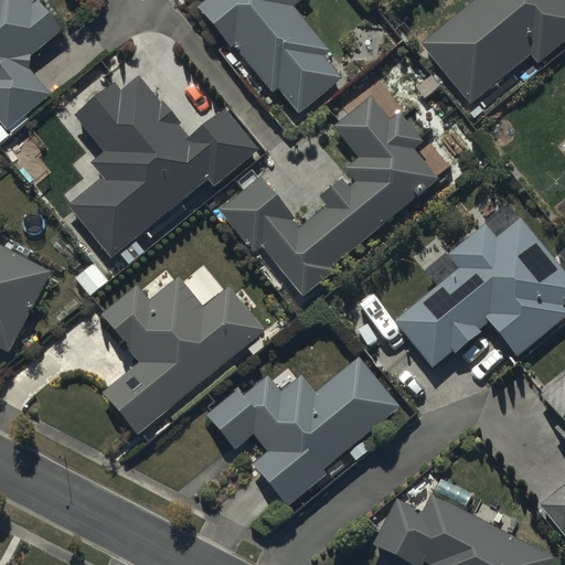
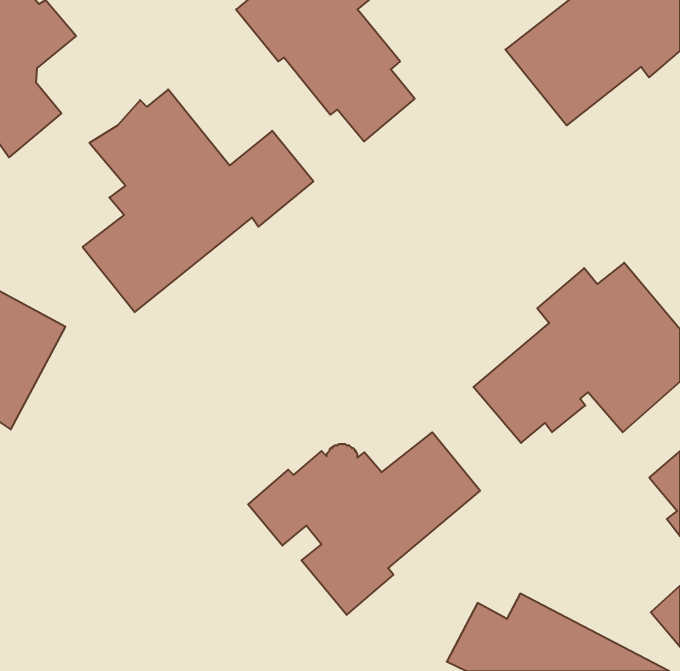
building: [220,94,437,299] -> none
building: [99,276,264,436] -> none

